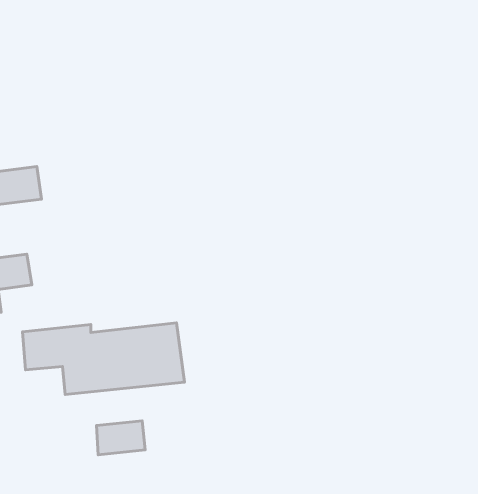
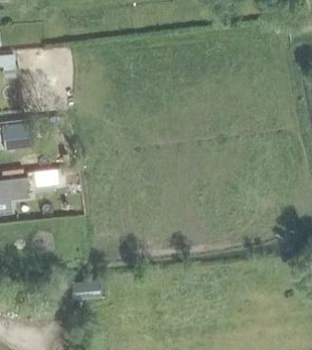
building: [22,323,184,394] -> none

